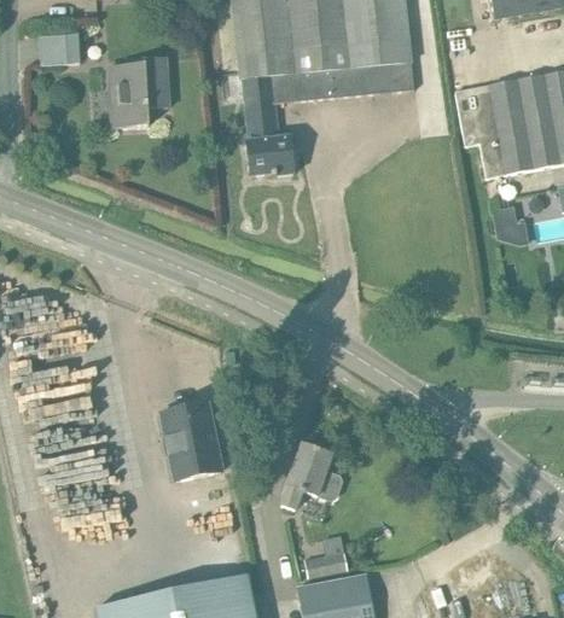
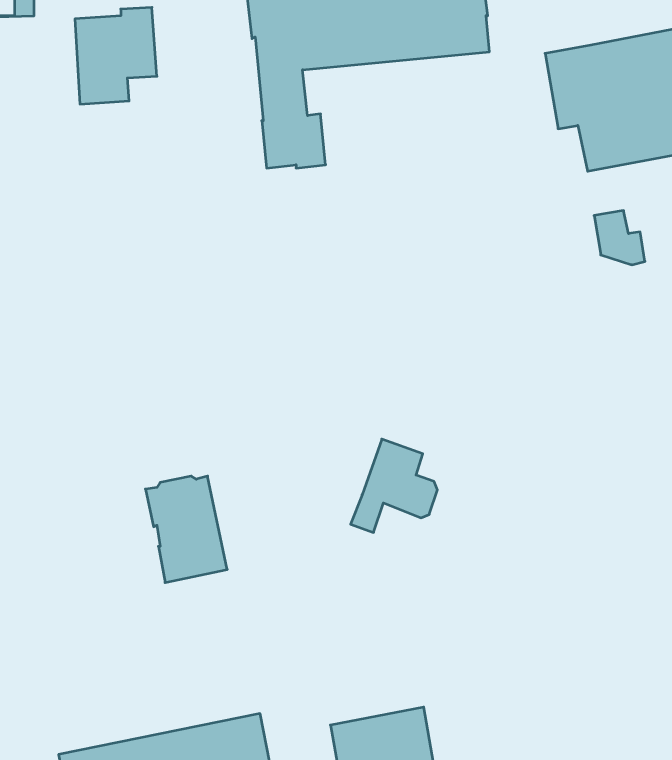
building: [278,443,342,512] -> [351,439,437,532]
building: [310,549,345,578] -> none

